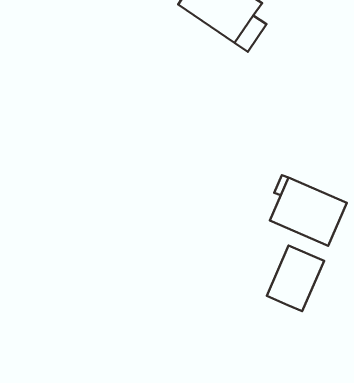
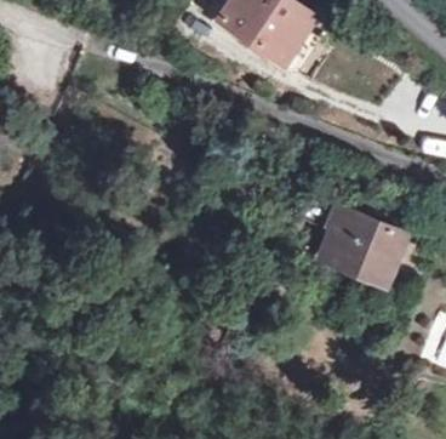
building: [267,246,324,311] -> none

